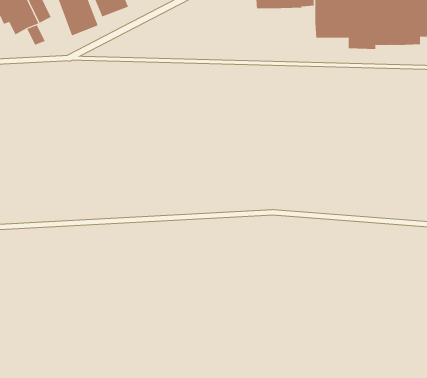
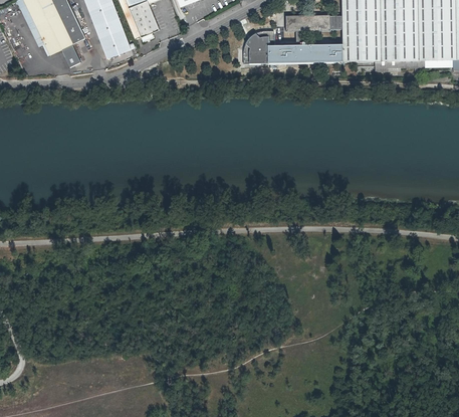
building: none -> [241,30,340,61]

